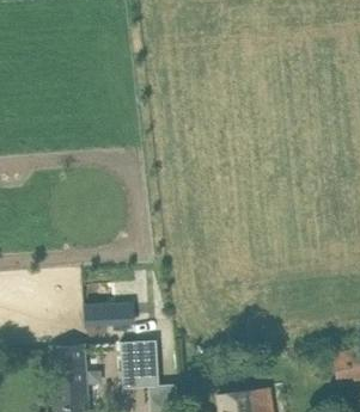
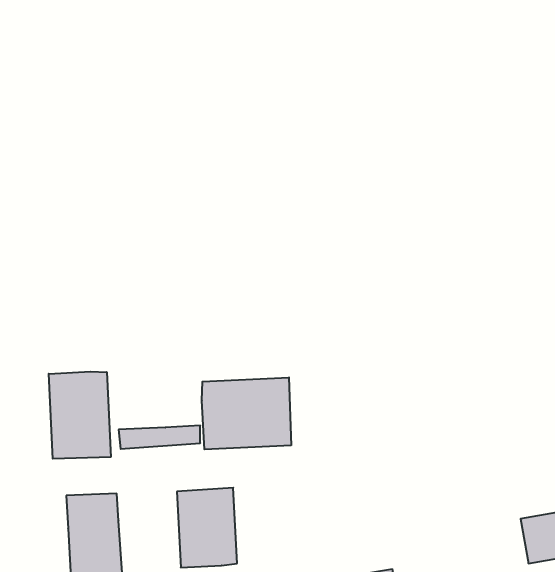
building: none -> [49,372,111,459]
building: none -> [202,377,291,449]

